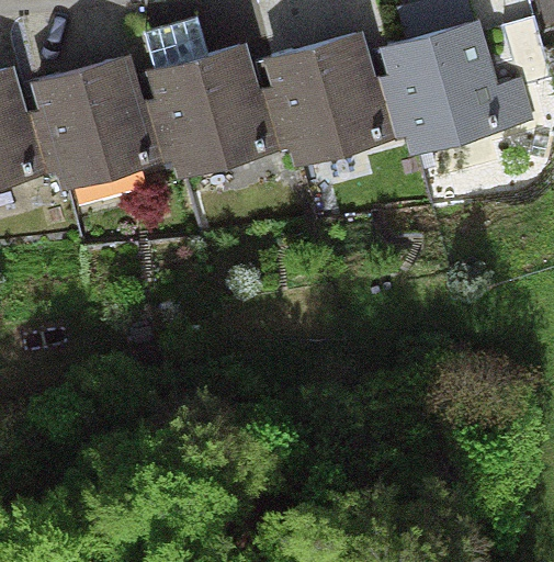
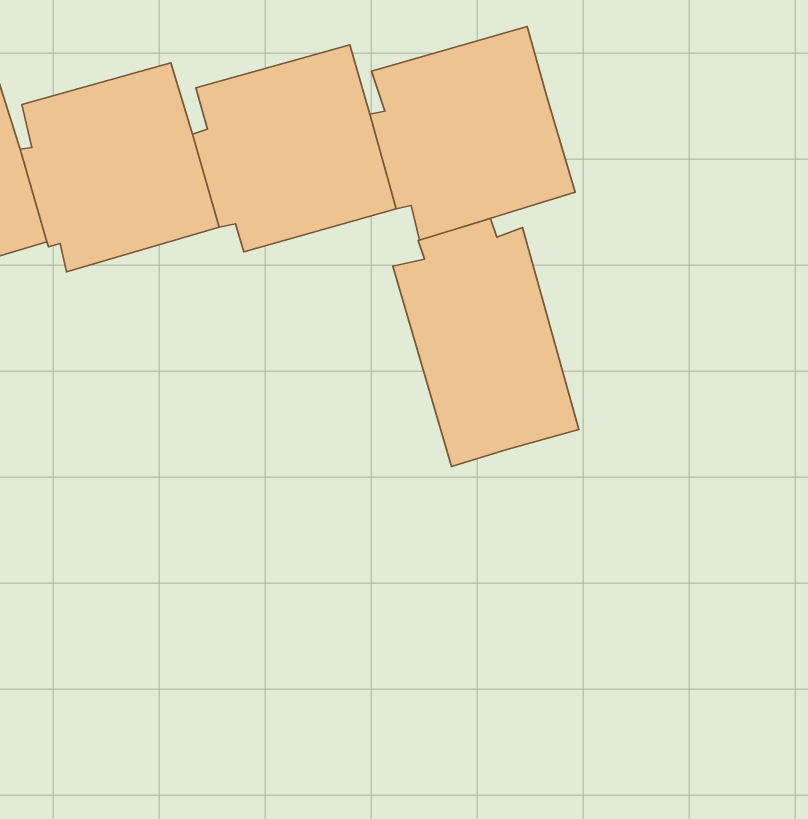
building: [378,19,534,157] -> none
building: none -> [393,219,579,467]

